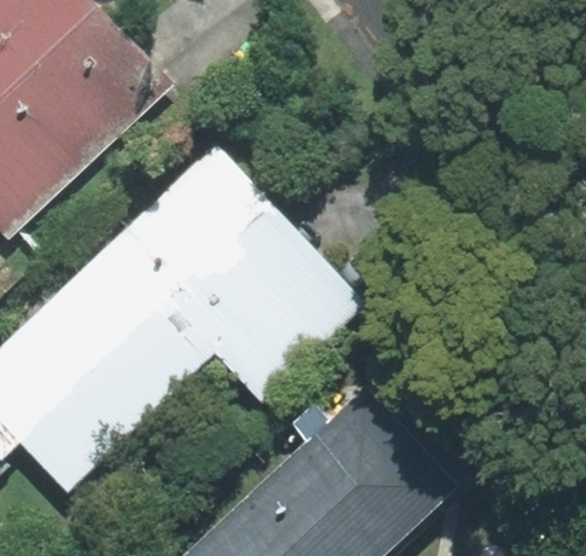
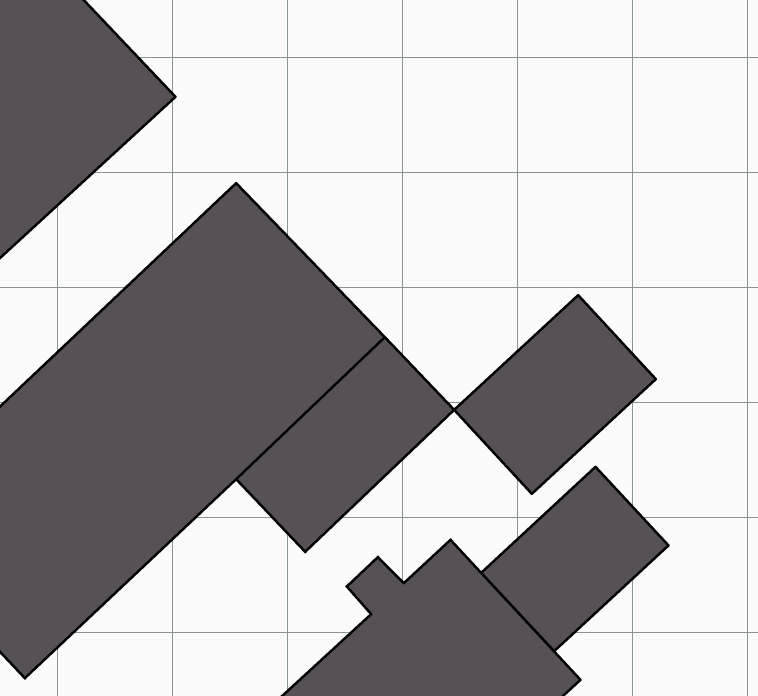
building: none -> [454,295,656,494]
building: none -> [481,467,668,651]

